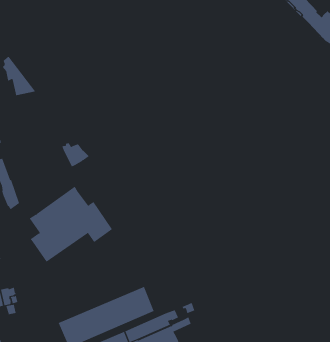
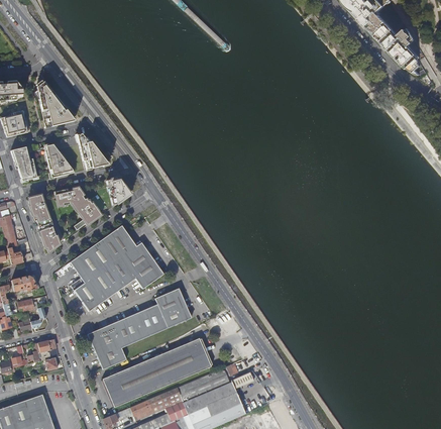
building: none -> [79,134,113,170]
building: none -> [47,143,76,177]
building: none -> [53,187,100,228]
building: none -> [87,288,191,369]

